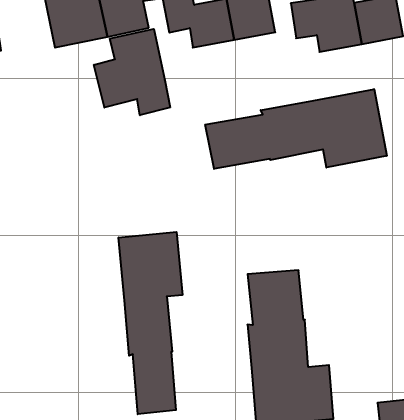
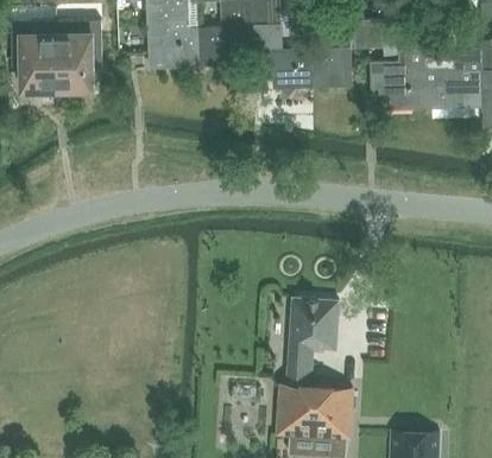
building: [94,29,170,115] -> none
building: [205,89,387,169] -> none
building: [119,232,182,414] -> none

